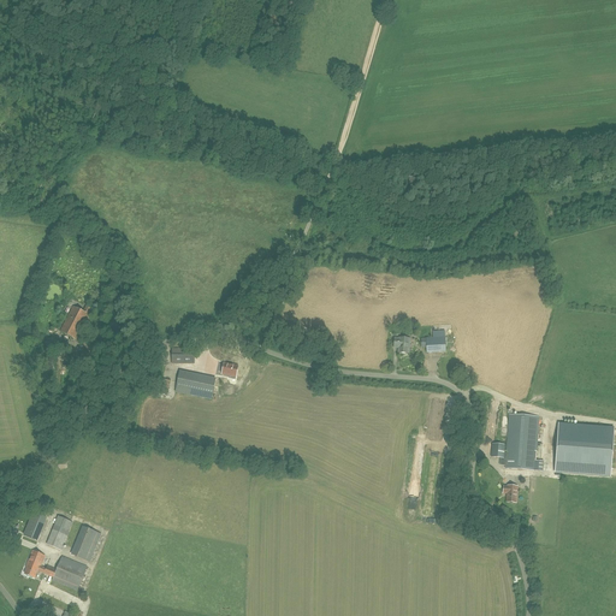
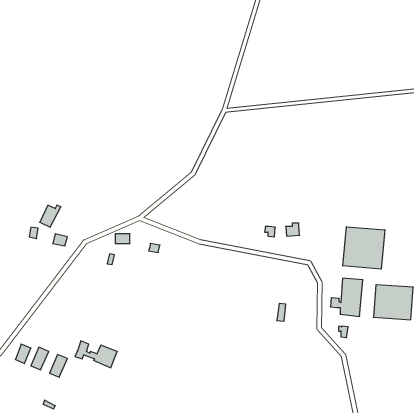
building: none -> [343,227,385,269]
building: [174,369,213,397] -> none
building: [23,549,85,588] -> [75,341,117,368]

